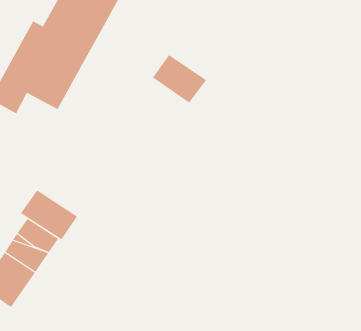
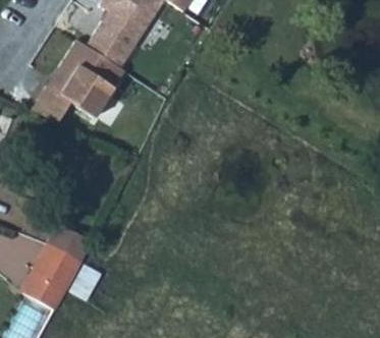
building: [152,54,207,104] -> none
building: [20,189,78,240] -> none

